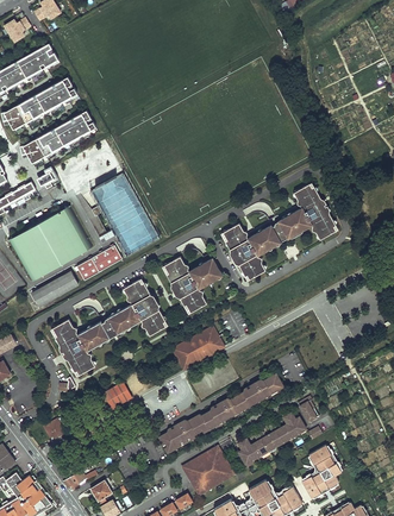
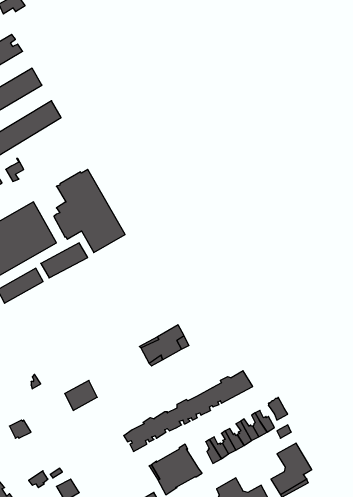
building: [223,184,336,279] -> none
building: [164,257,223,314] -> none
building: [52,279,165,376] -> none

